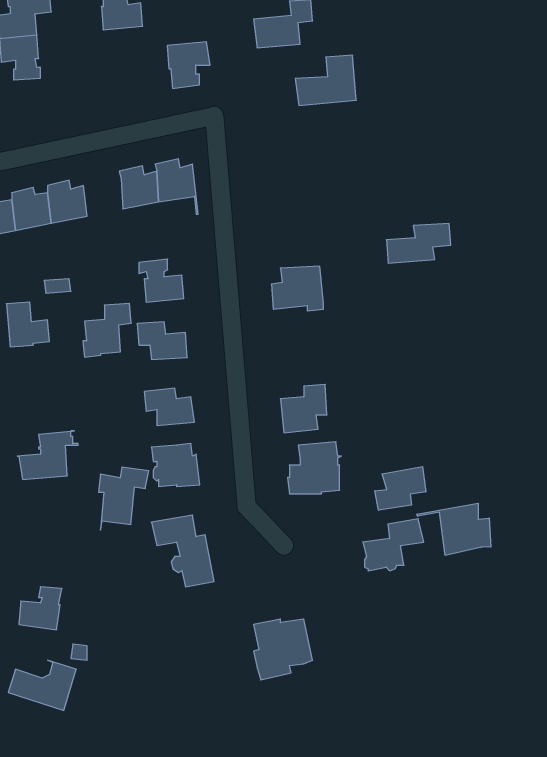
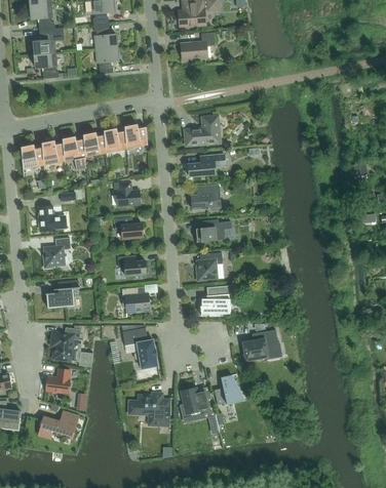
building: [167,42,210,88] -> [94,47,119,74]
building: [295,55,356,105] -> [185,116,220,145]
building: none -> [83,131,106,156]
building: [386,224,451,263] -> [188,154,225,176]
building: [83,303,131,357] -> [43,237,71,268]
building: none -> [195,218,231,245]
building: [375,467,426,510] -> none
building: [99,467,149,530] -> [52,327,81,363]
building: [417,503,491,555] -> none
building: none -> [215,374,244,404]
building: none -> [129,393,169,424]

